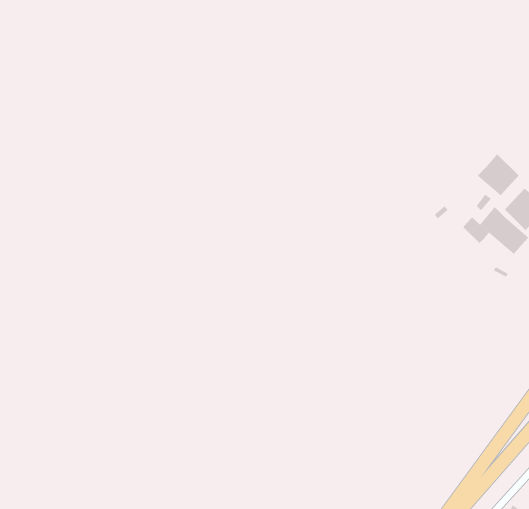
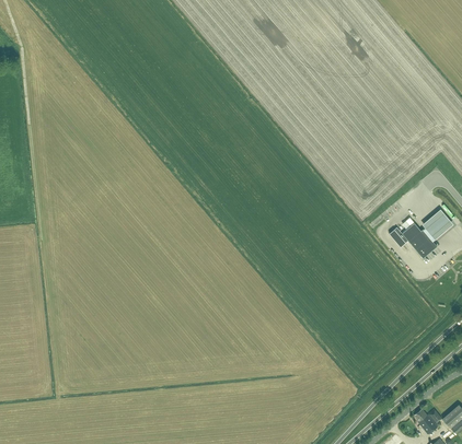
building: [477,154,519,196] -> none

